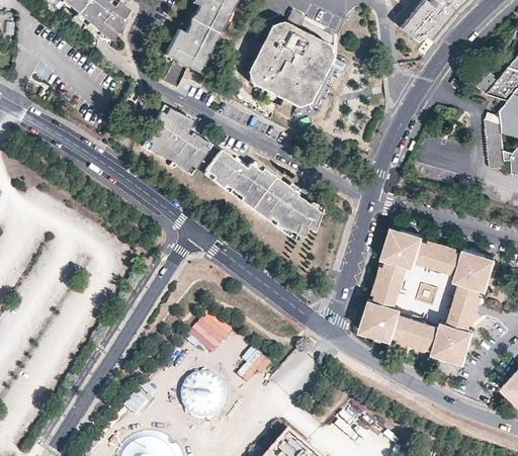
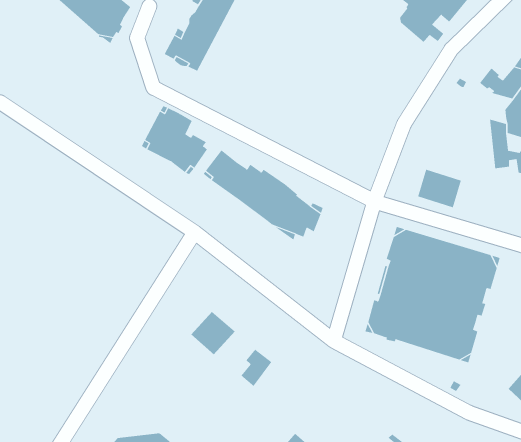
building: [249,9,335,106] -> none
building: none -> [417,169,462,208]
building: [186,372,228,417] -> none

